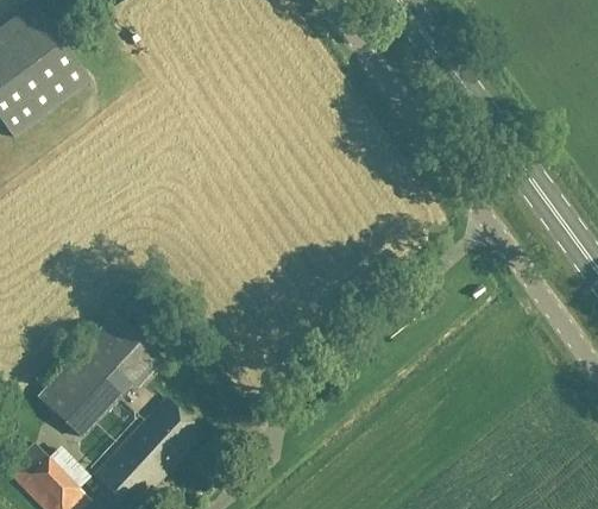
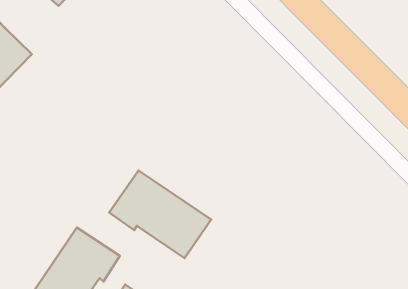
building: none -> [109,170,211,258]

